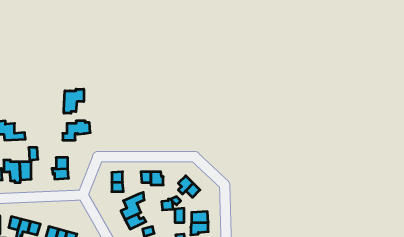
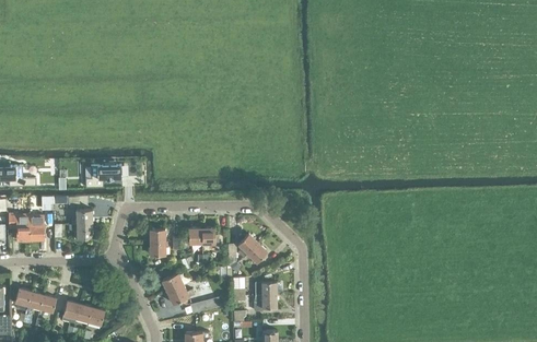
building: [64,89,84,113] -> none

